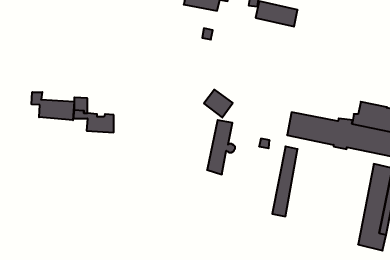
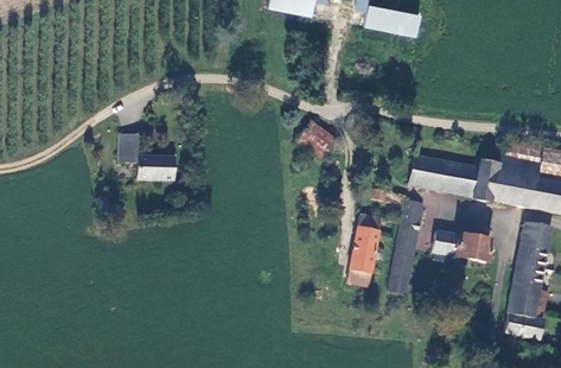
building: [32,92,74,120] -> none
building: [207,120,235,174] -> [346,215,384,288]
building: none -> [431,231,490,265]

